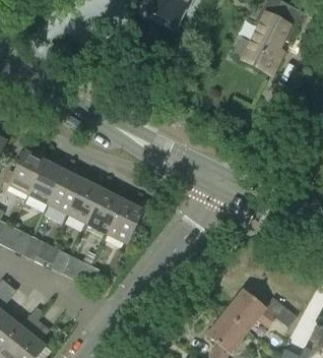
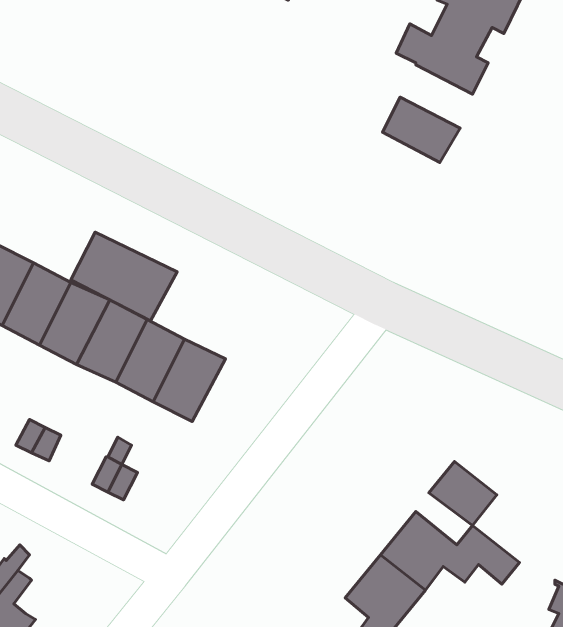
building: none -> [382,97,460,163]
building: none -> [71,232,177,321]
building: none -> [429,461,497,525]

